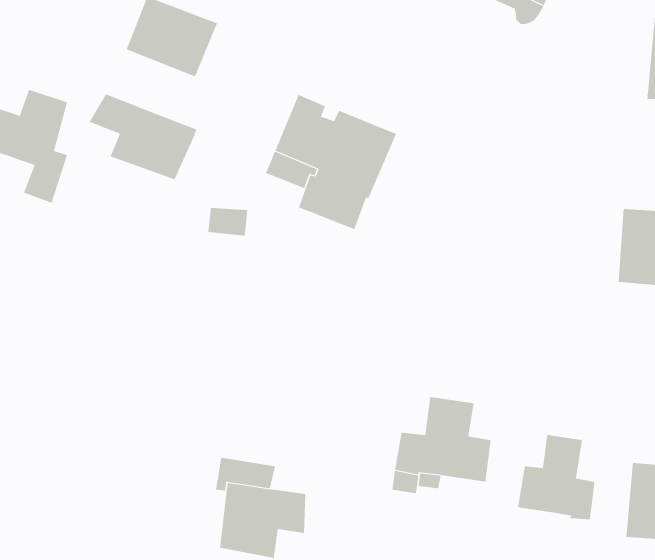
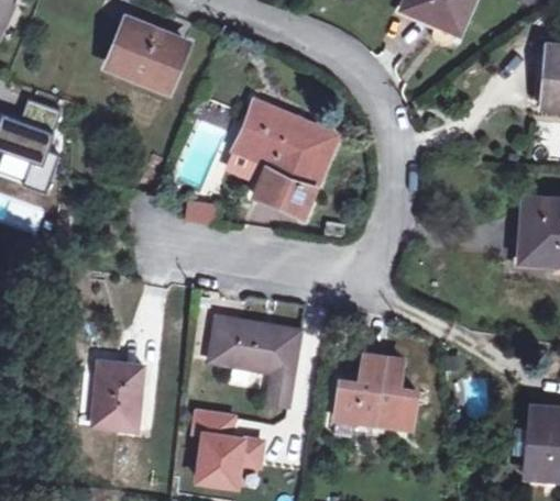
building: [89,94,197,180] -> none
building: none -> [209,318,300,404]
building: none -> [92,361,143,428]
building: [518,434,595,520] -> none

